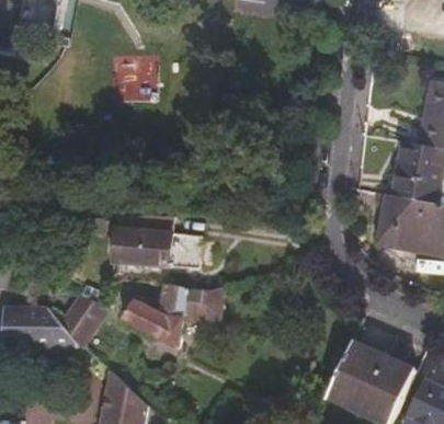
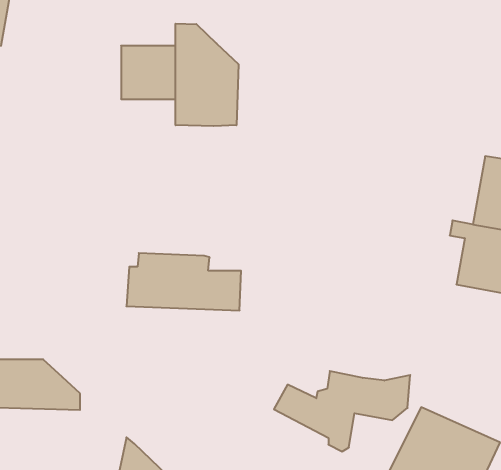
building: none -> [176,24,238,126]
building: [118,283,228,347] -> [274,371,410,451]
building: [62,294,107,341] -> none

